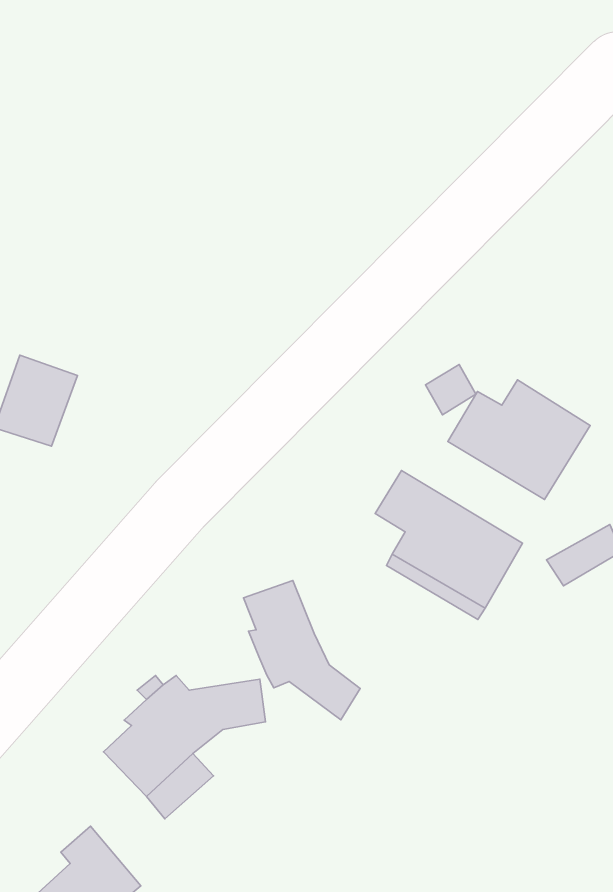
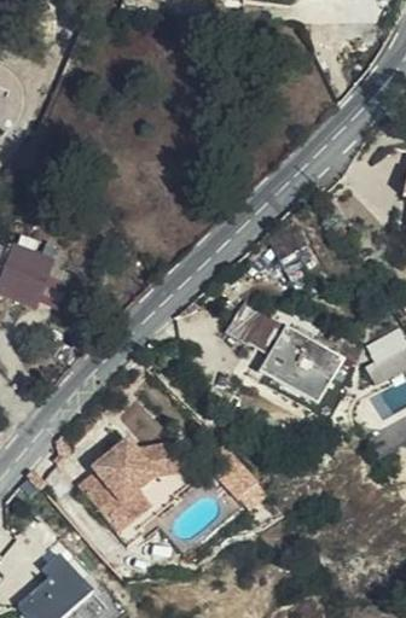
building: [448,380,590,499] -> none
building: [243,581,360,720] -> none

